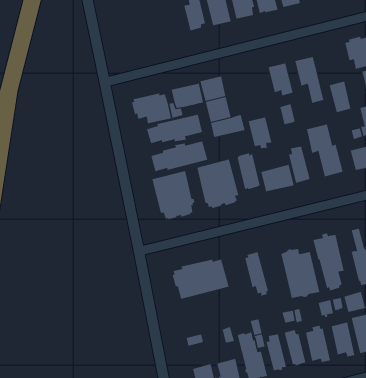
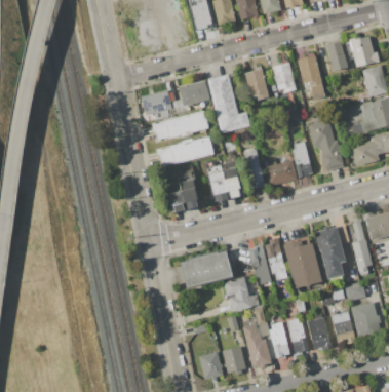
building: [329,81,351,113] -> [325,41,347,72]
building: [248,117,272,149] -> [244,69,268,100]
building: none -> [264,243,287,282]
building: none -> [223,277,259,312]

